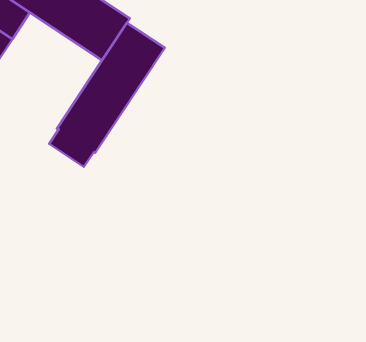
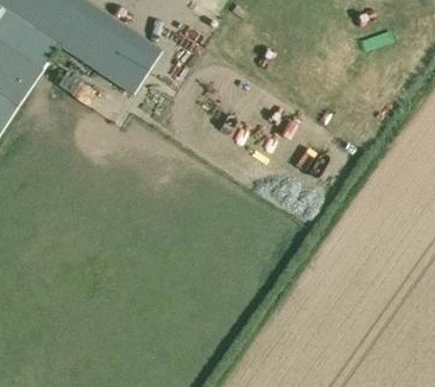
building: [49,23,165,167] -> none

